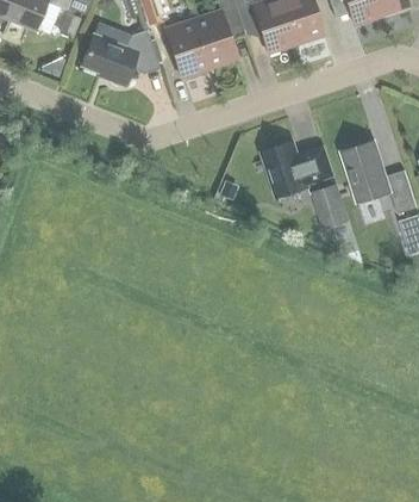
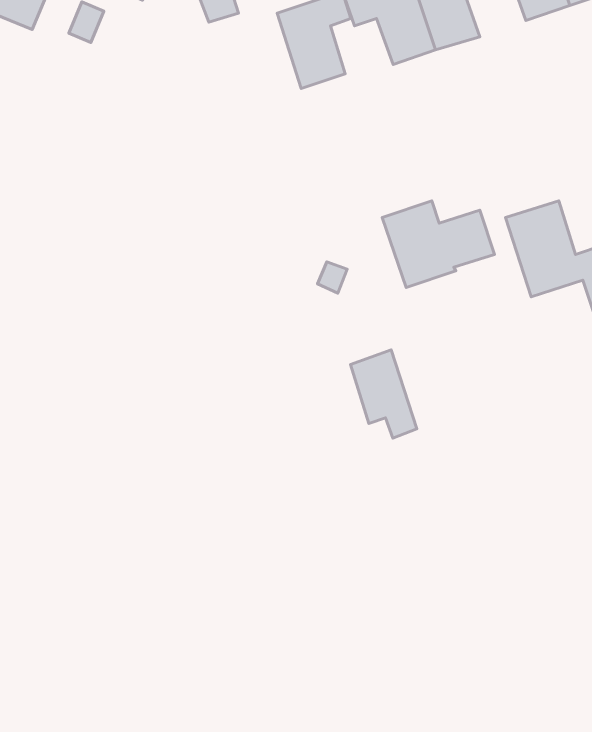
building: [165,19,208,76] -> none
building: [81,30,160,85] -> none
building: [311,184,354,241] -> [351,350,417,438]

